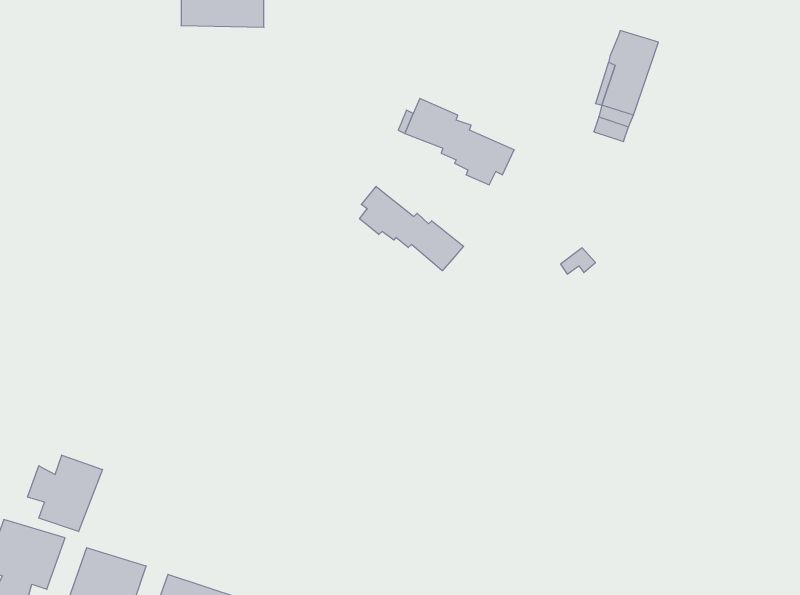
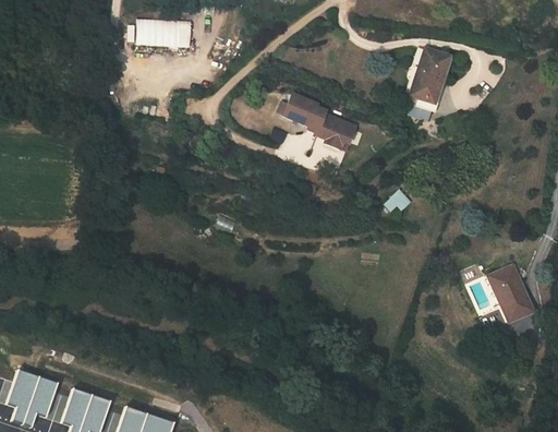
building: [360,186,464,271] -> none
building: none -> [490,265,532,323]
building: [28,455,102,532] -> none

